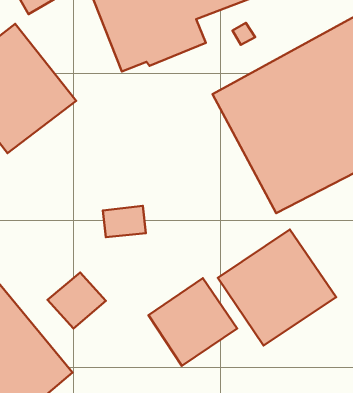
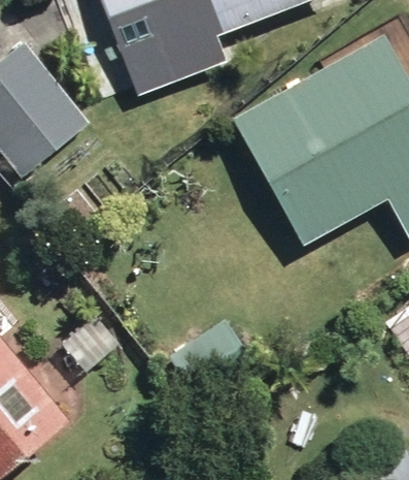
building: [218,229,336,345] -> none

